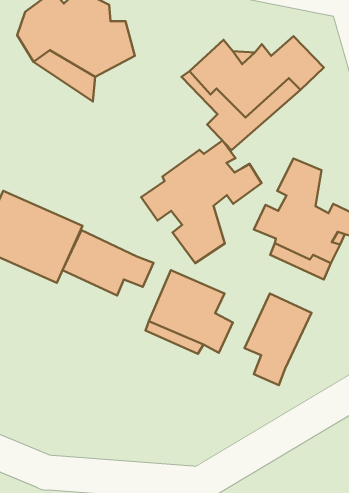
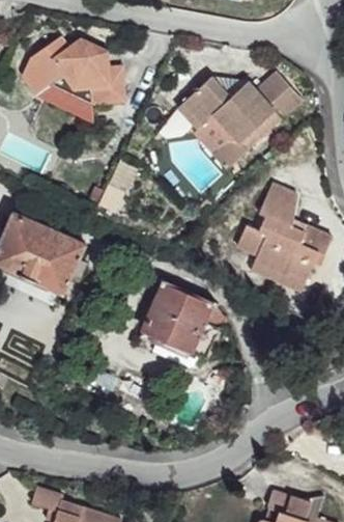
building: [141,141,261,263] -> none
building: [62,230,154,295] -> none
building: [245,293,311,385] -> none

